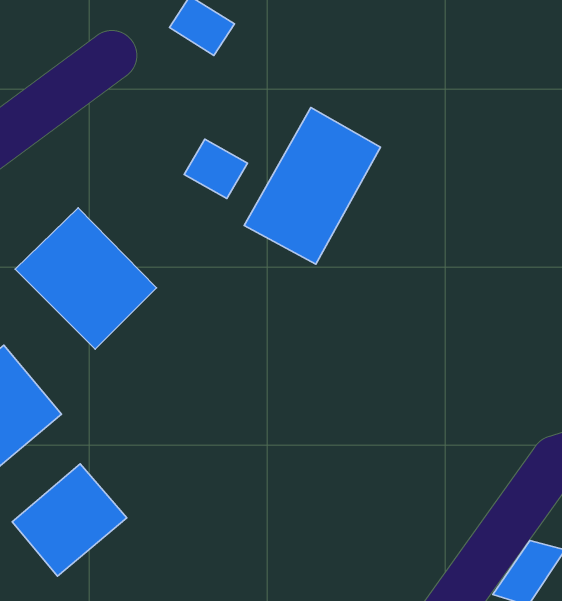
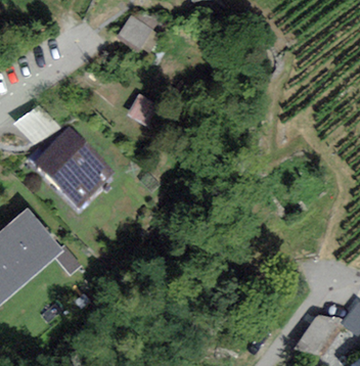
building: [244,108,381,264] -> none
building: [12,464,127,576] -> none

